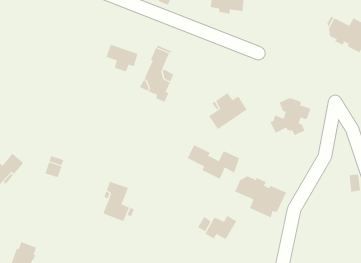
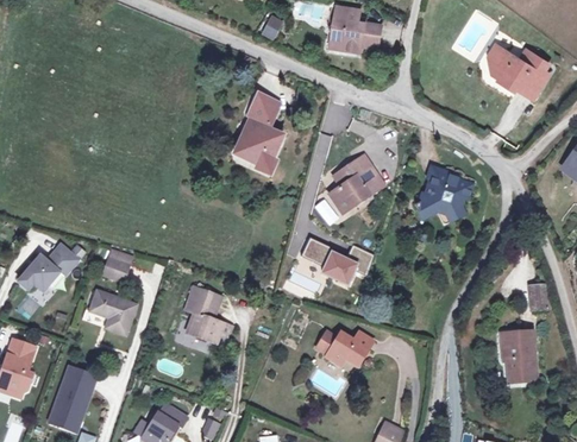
building: [106,44,138,72] -> none
building: [234,175,287,218] -> none
building: none -> [89,289,136,332]
building: none -> [501,332,532,379]

